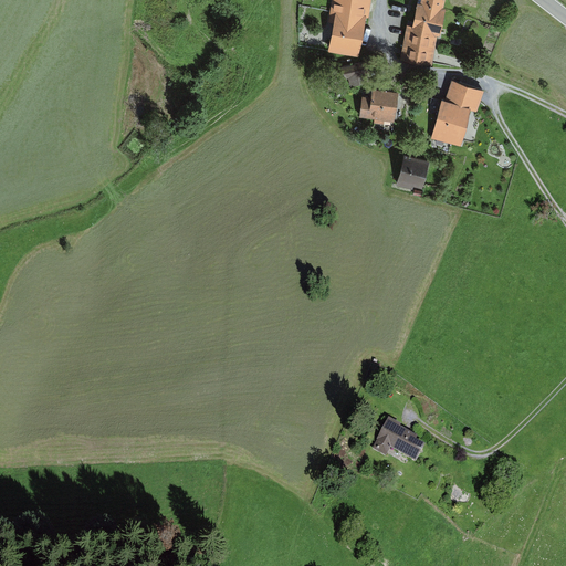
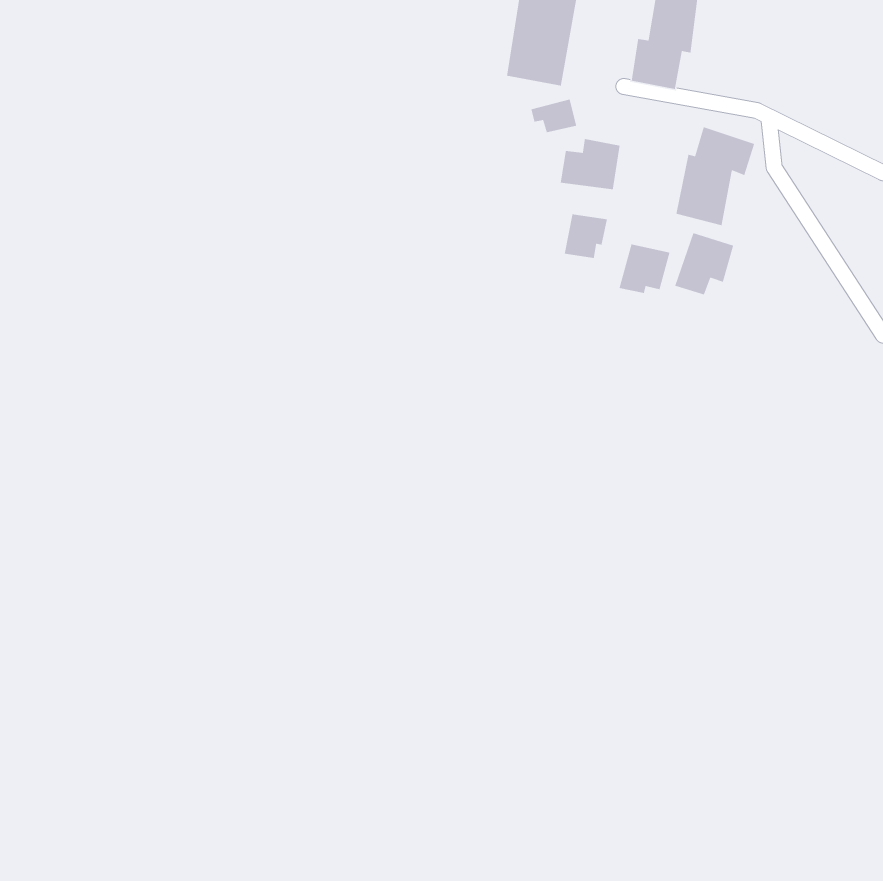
building: none -> [564,213,608,259]
building: none -> [674,232,734,296]
building: [376,422,424,462] -> none

